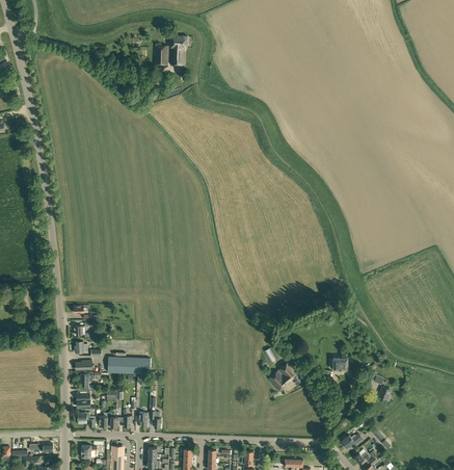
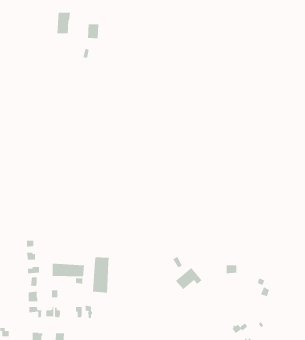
building: [169,36,188,64] -> [56,12,71,34]
building: none -> [92,257,109,293]

